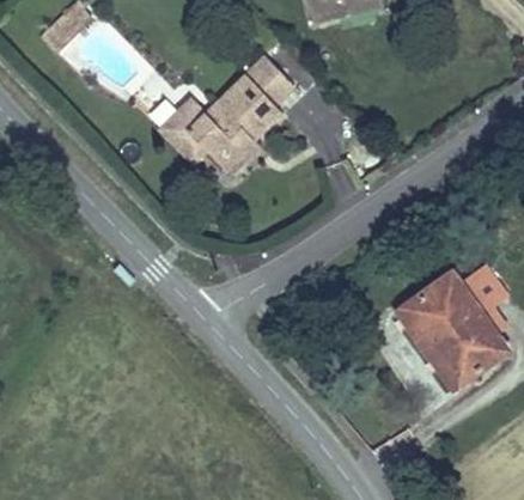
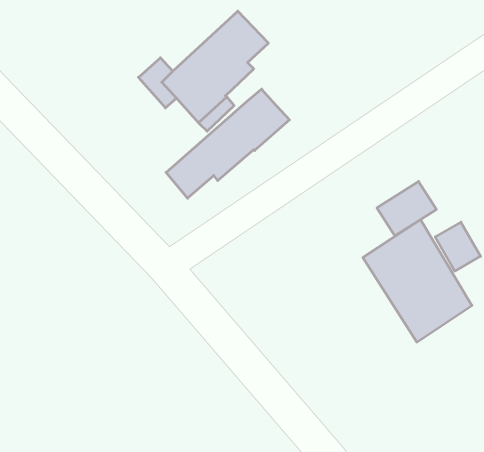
building: none -> [166,89,289,198]
building: none -> [377,181,436,236]

